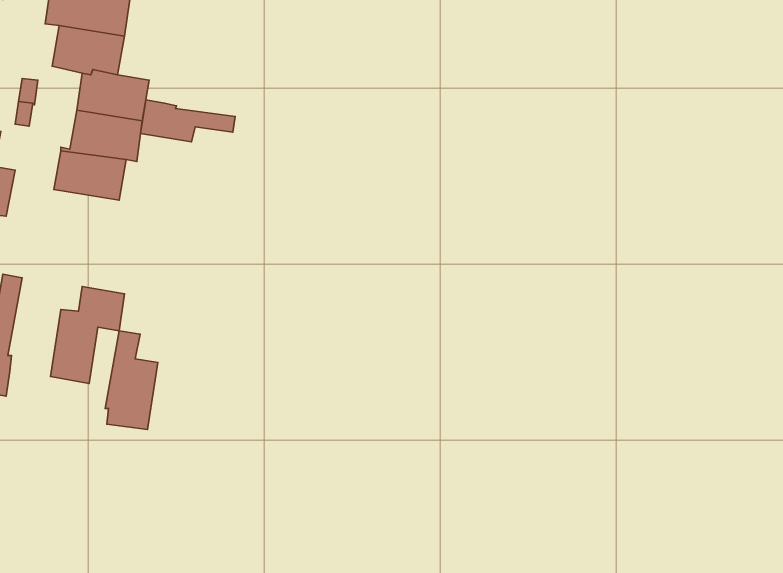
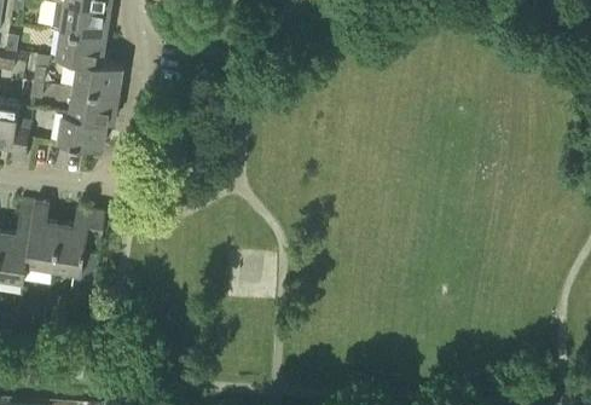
building: [141,100,235,142] -> none
building: [105,331,158,430] -> [25,201,62,268]

